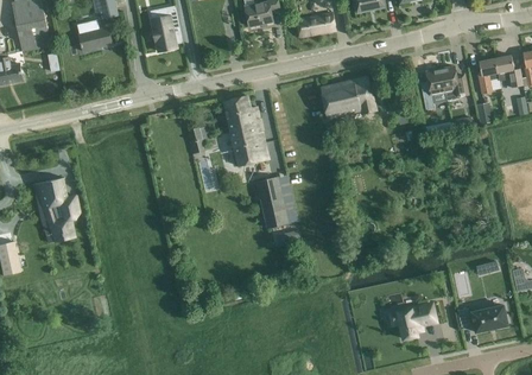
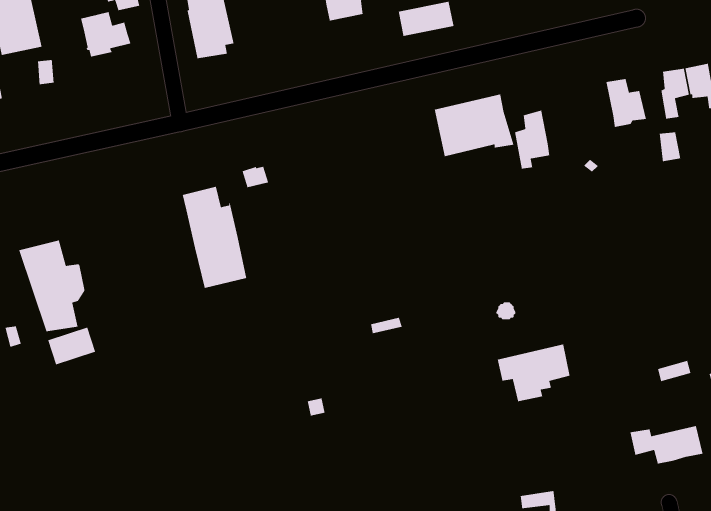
building: [420,68,445,109] -> [514,110,550,170]
building: [223,95,268,166] -> [182,186,247,289]
building: [258,177,287,228] -> none
building: none -> [47,326,96,366]
building: [387,300,438,341] -> [497,344,571,402]

